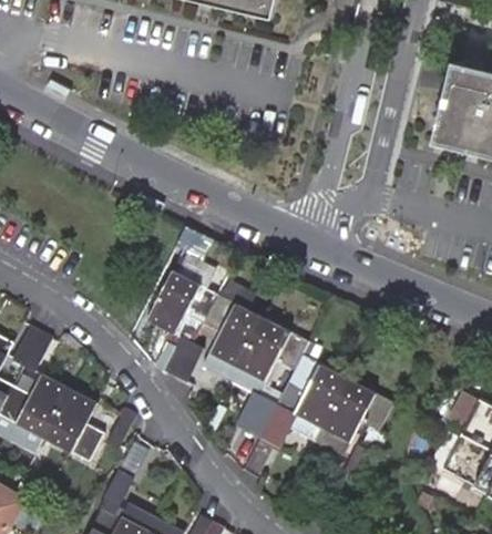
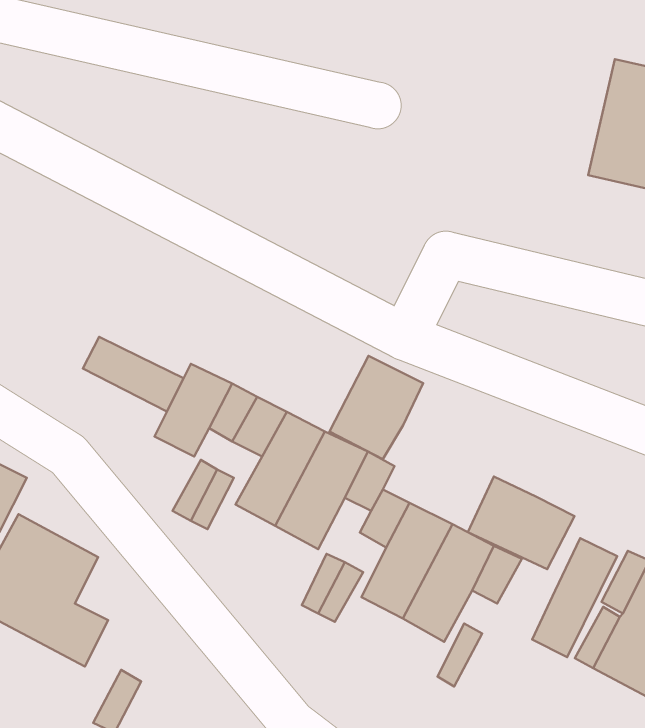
building: none -> [83,337,184,412]
building: none -> [330,356,423,459]
building: none -> [468,476,575,569]
building: none -> [532,538,617,657]

